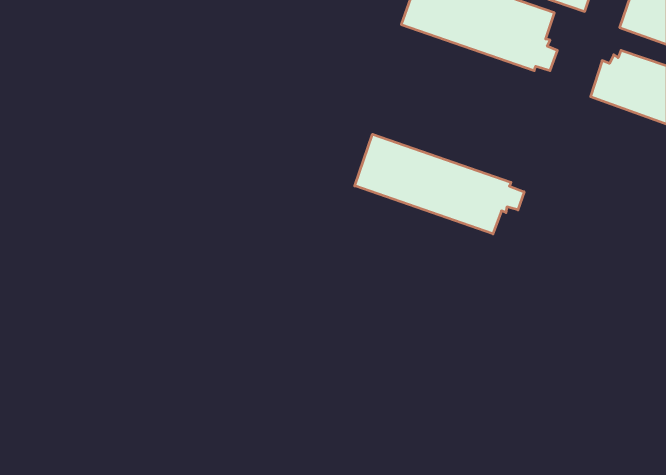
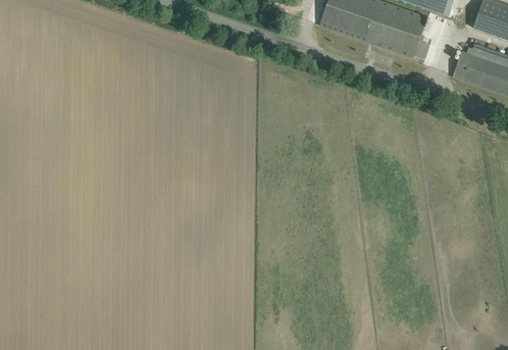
building: [355,134,524,234] -> none

